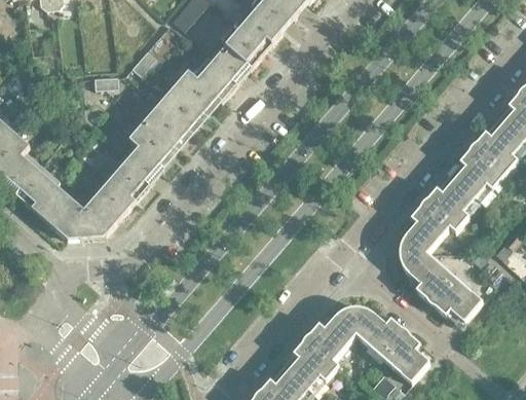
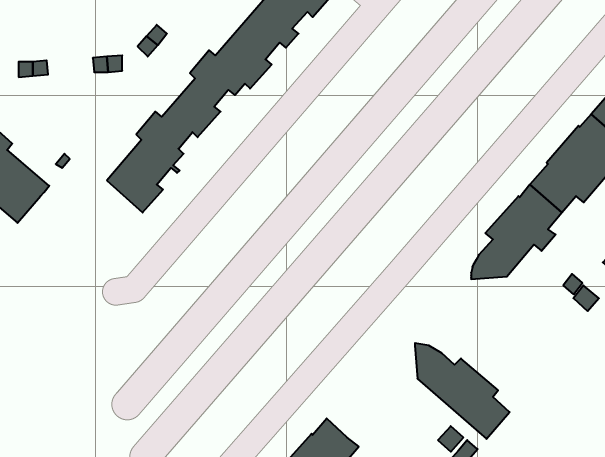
building: [34,175,135,238] -> none
building: [399,252,482,321] -> none
building: [283,305,355,389] -> none

